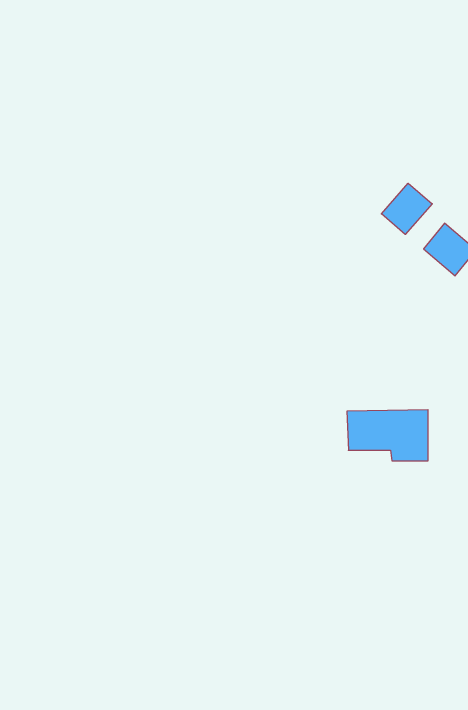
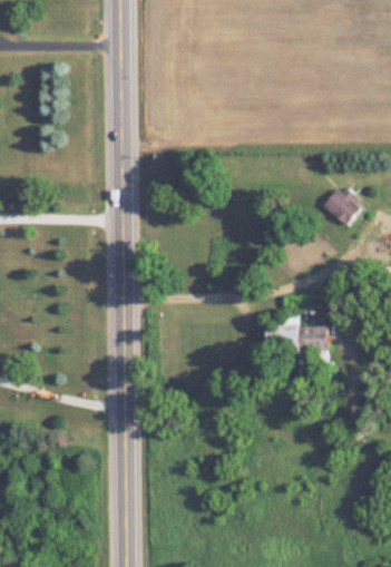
building: [381,183,432,234] -> none

